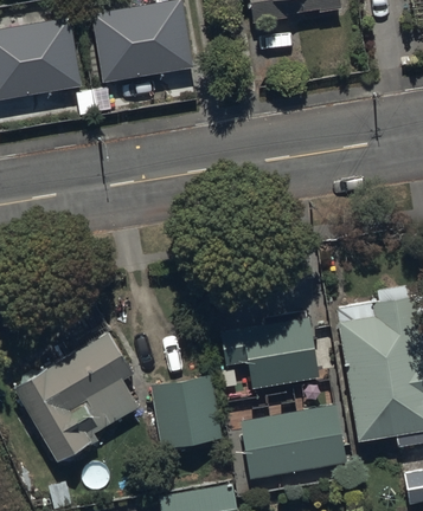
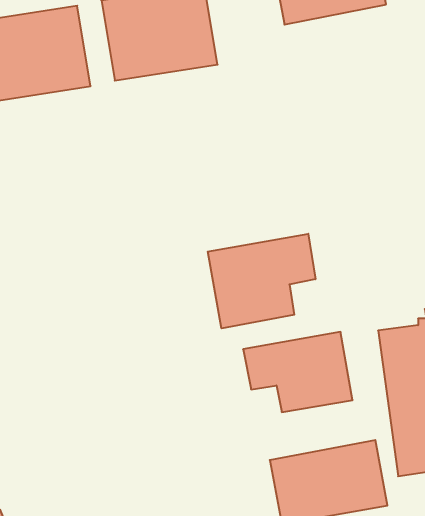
building: none -> [208,234,315,328]
building: [9,321,135,451] -> none
building: [150,374,220,446] -> none

